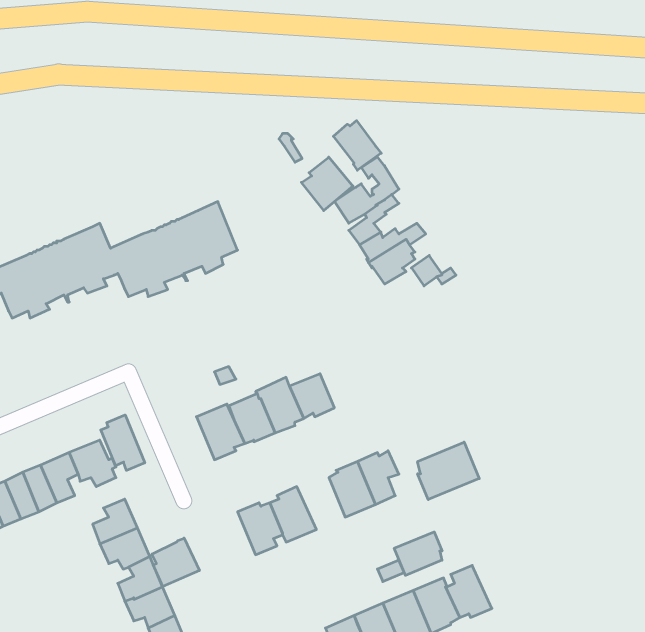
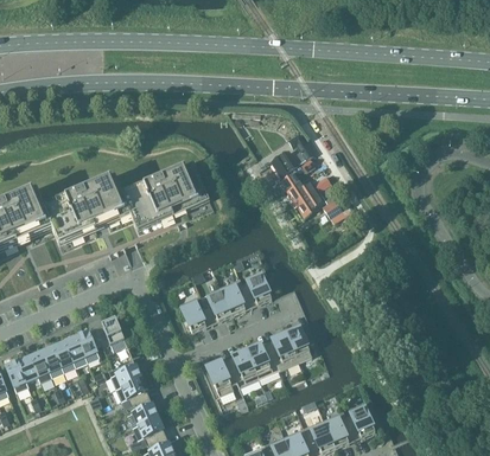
building: [333,121,381,170] -> none
building: [301,157,353,211] -> none
building: [101,415,145,470] -> none
building: [418,442,479,500] -> none
building: none -> [244,343,276,378]
building: [394,532,442,575] -> none
building: [152,538,199,586] -> none

